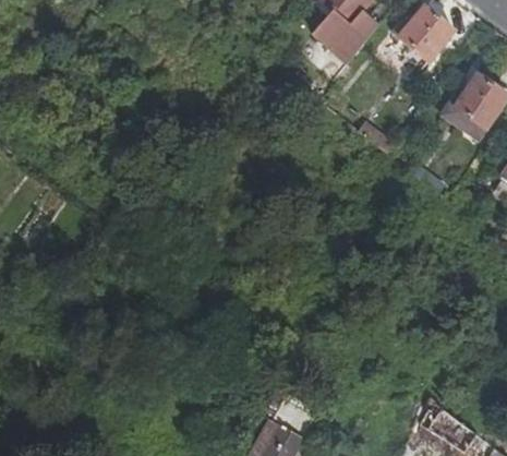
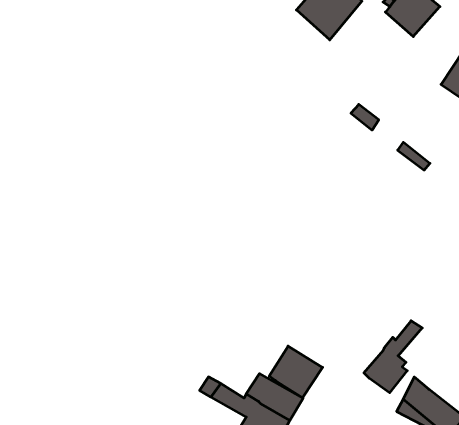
building: none -> [364,321,422,393]
building: none -> [269,346,323,398]

